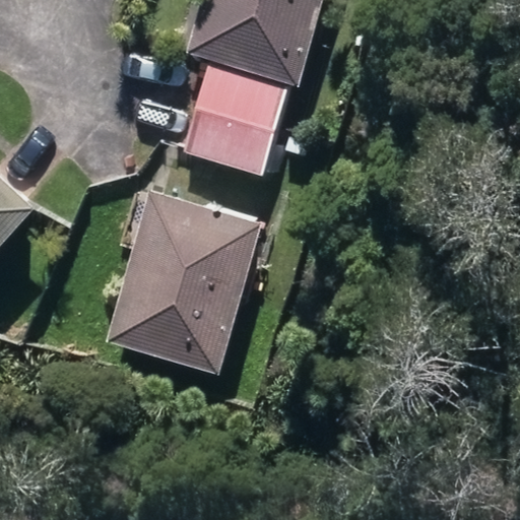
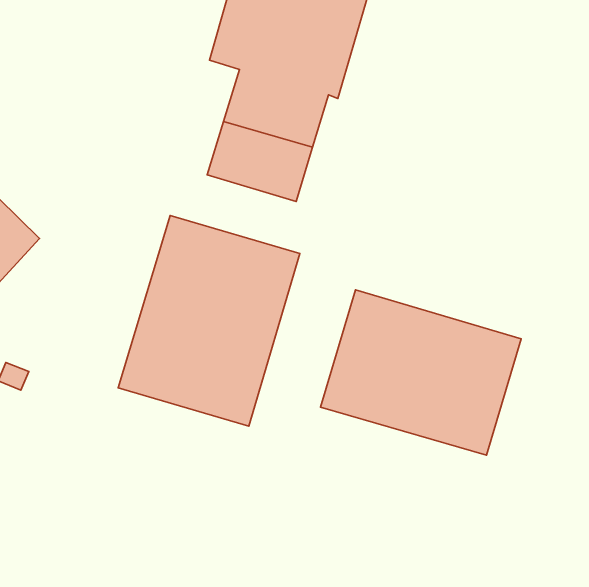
building: none -> [320,290,521,455]

